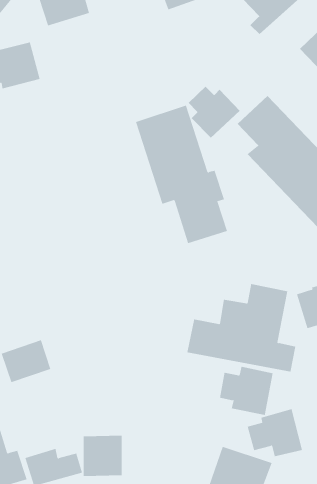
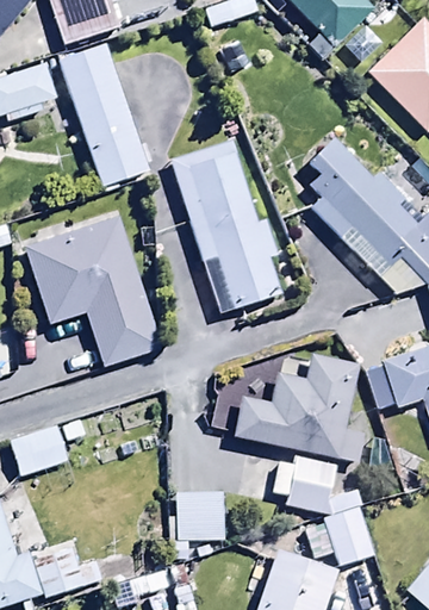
building: none -> [58,43,149,188]
building: [188,86,240,138] -> none
building: none -> [25,217,160,366]
building: [83,435,122,477] -> [176,490,224,540]

